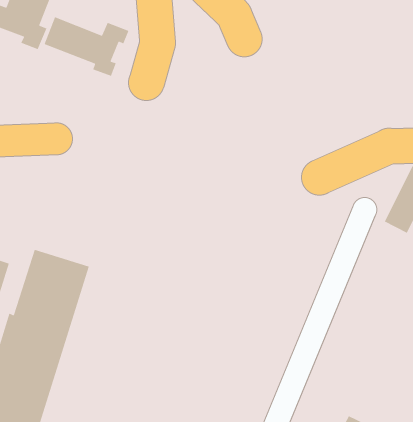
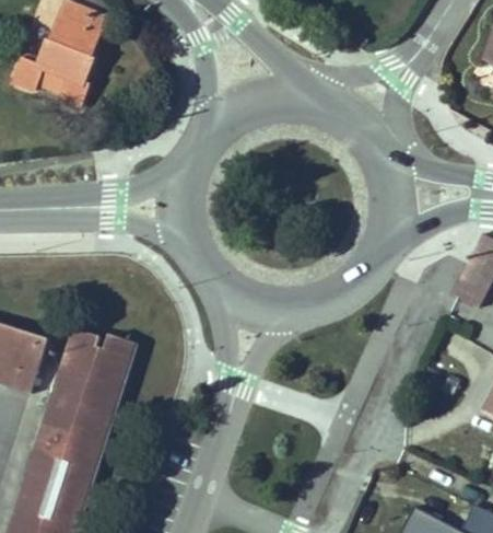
building: [44,16,129,77] -> none

